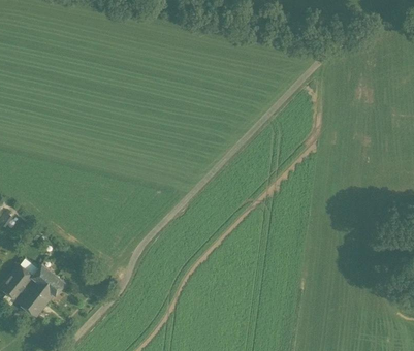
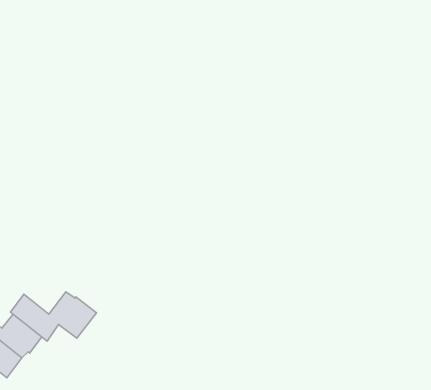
building: none -> [10,292,96,341]

